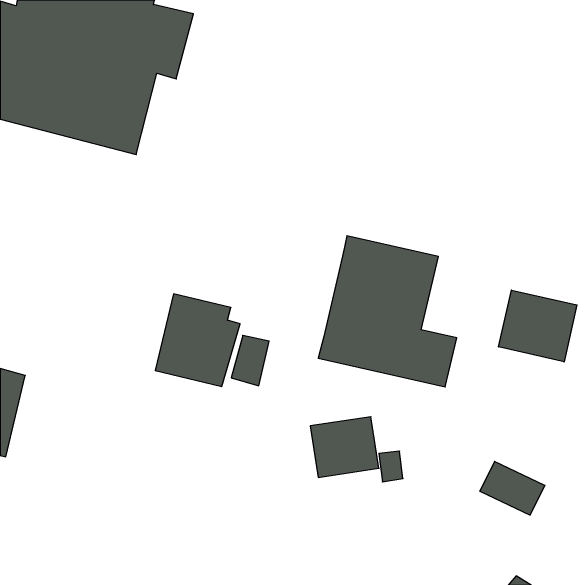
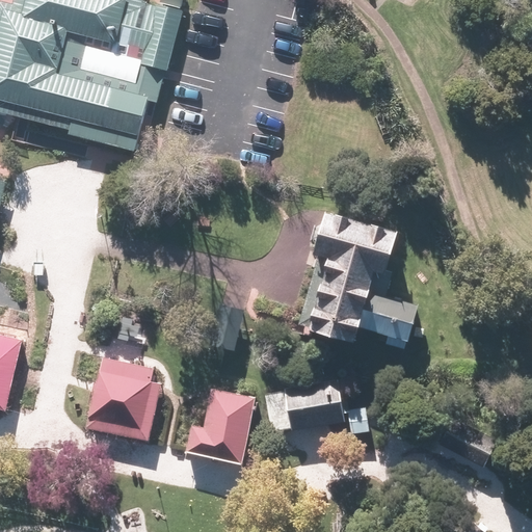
building: [499,290,577,362] -> none
building: [155,294,240,387] -> [85,357,162,442]
building: none -> [186,388,260,464]

